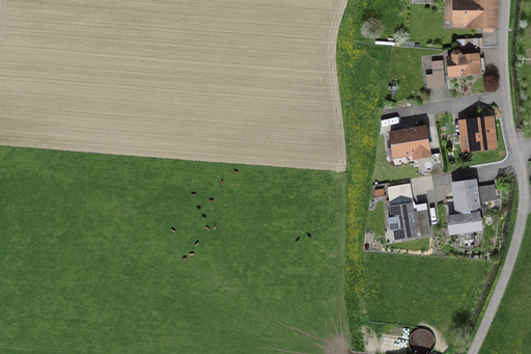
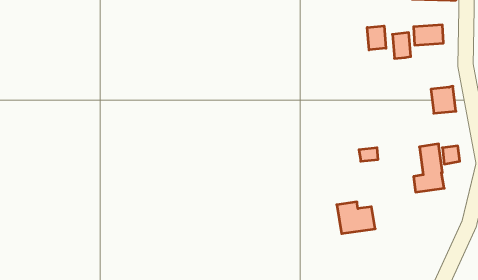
building: none -> [367,26,386,50]
building: [388,127,429,159] -> none
building: [388,203,429,238] -> [337,202,375,234]

